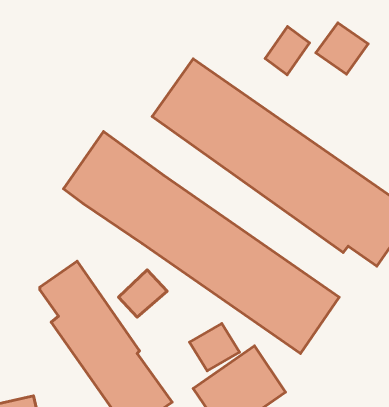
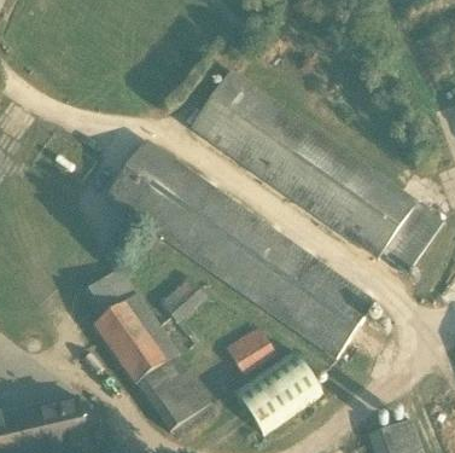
building: [316,23,368,74] -> none
building: [265,27,309,75] -> none

